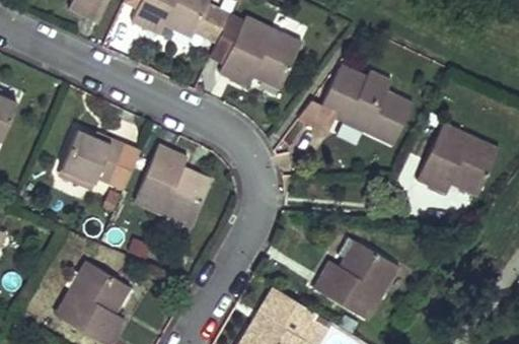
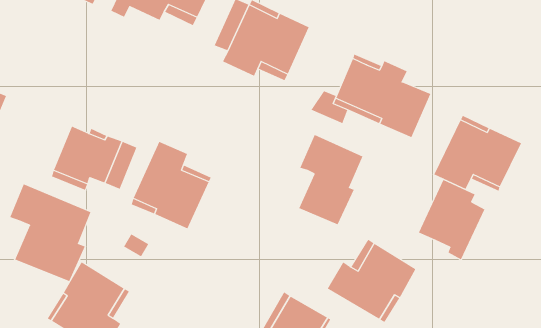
building: none -> [298,134,363,225]
building: none -> [418,179,485,260]
building: none -> [9,184,91,282]

